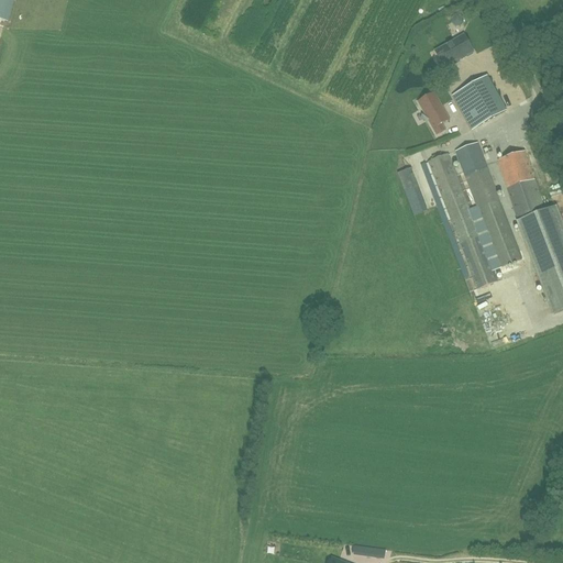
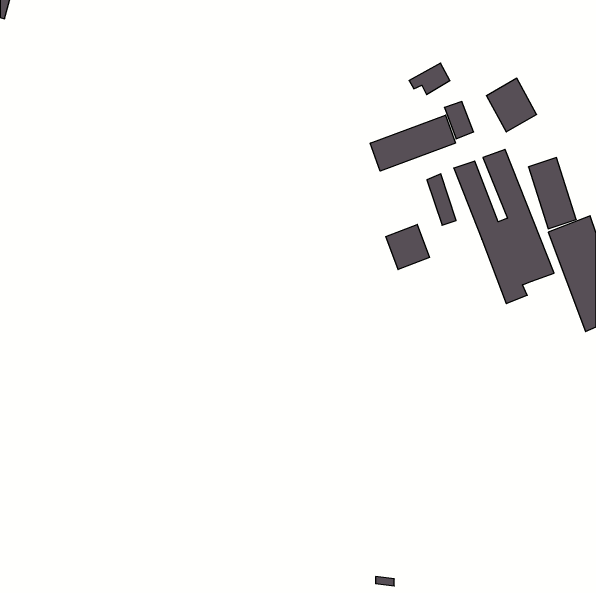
building: [434,32,473,62] -> [409,63,450,95]
building: none -> [370,115,456,171]
building: none -> [386,224,429,270]

